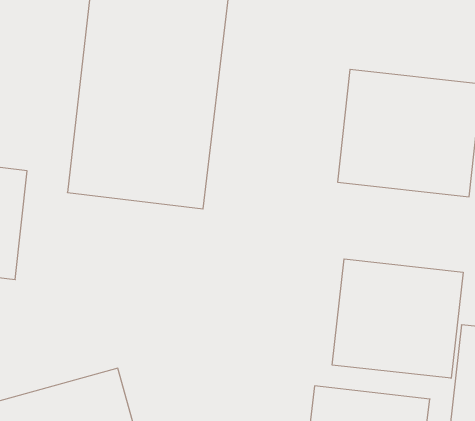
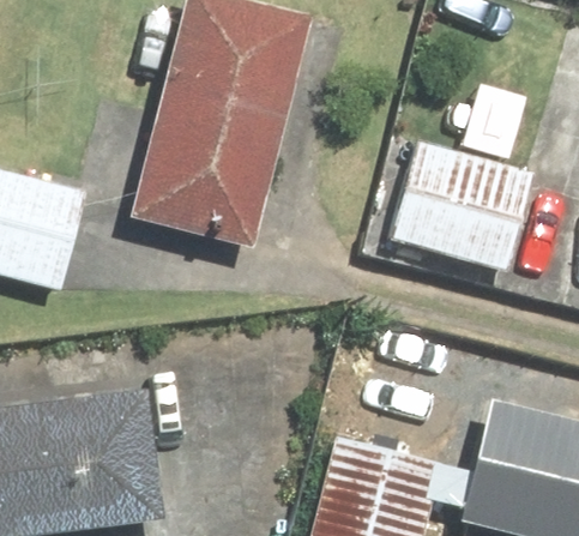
building: [332,259,463,378] -> none

